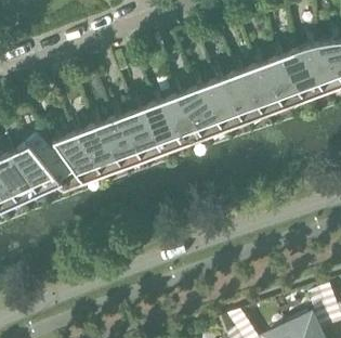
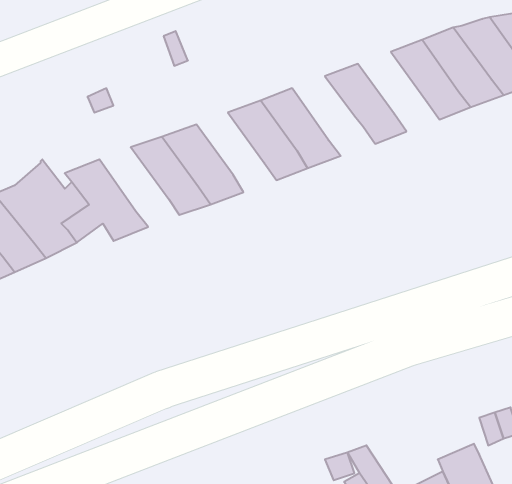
building: [236,66,287,116] -> none
building: [195,81,247,131] -> none
building: [135,104,185,154] -> none
building: [75,126,124,176] -> none

